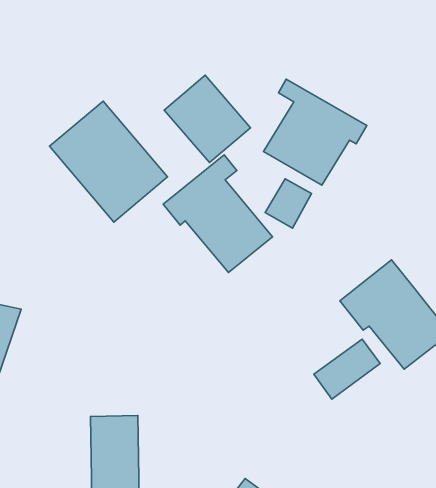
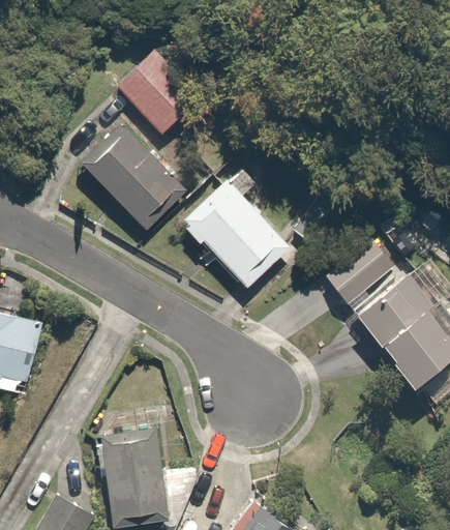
building: [164,75,250,163] -> [108,50,192,136]
building: [264,79,367,185] -> none
building: [314,339,380,399] -> [318,242,383,301]

